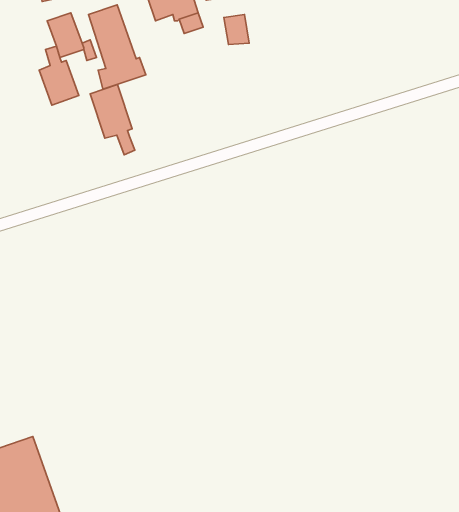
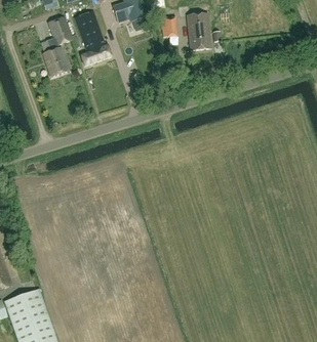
building: none -> [186,12,210,50]
building: [90,84,135,155] -> none

